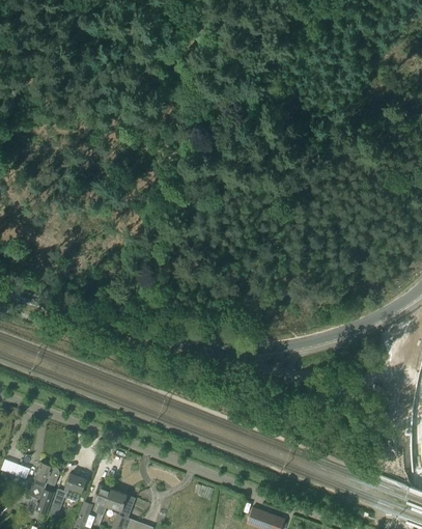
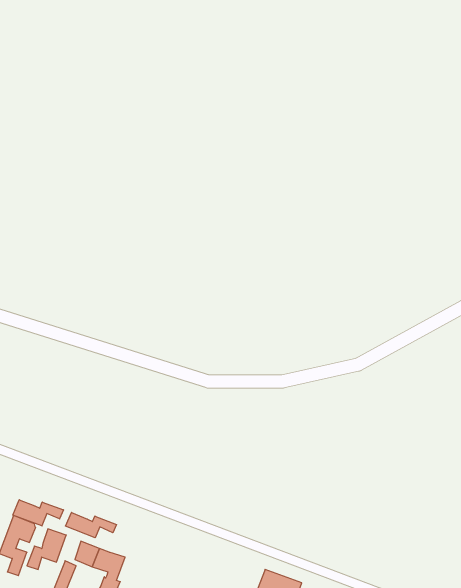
building: none -> [13,500,63,526]
building: none -> [66,512,116,538]

